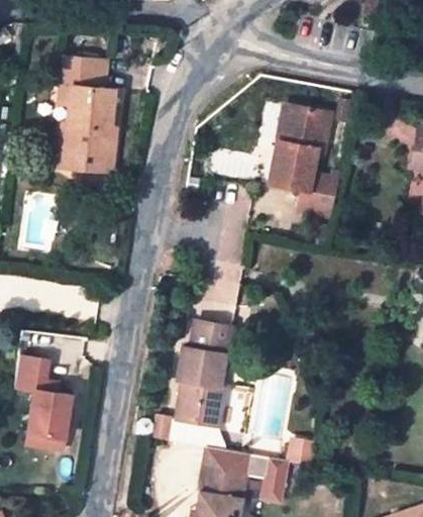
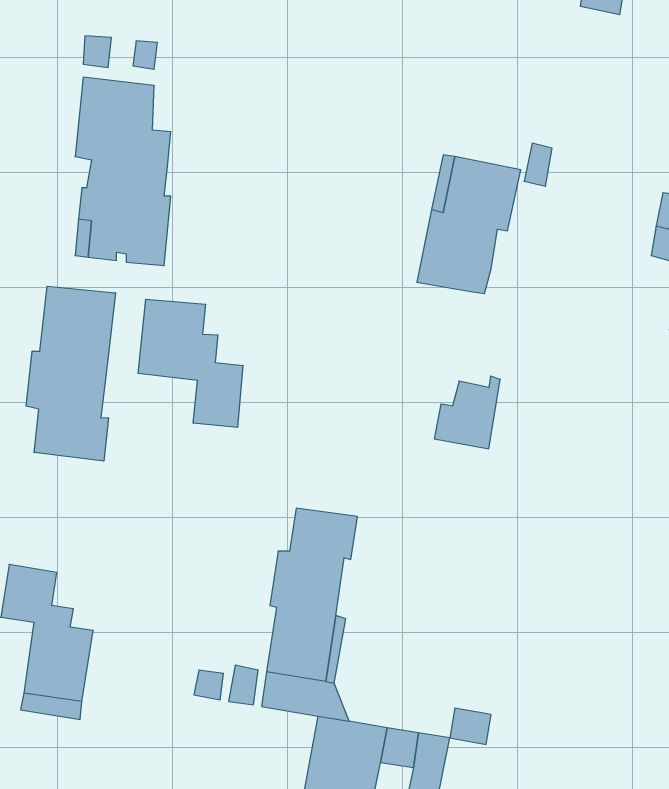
building: [298,171,338,215] -> [434,376,500,449]
building: none -> [26,286,115,461]
building: none -> [138,299,243,427]

